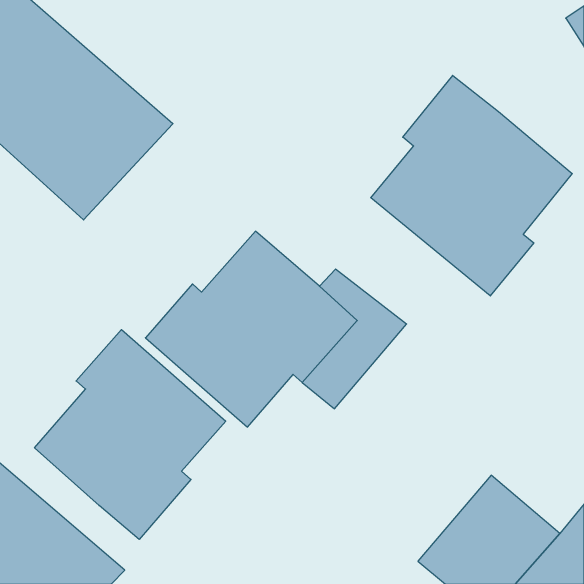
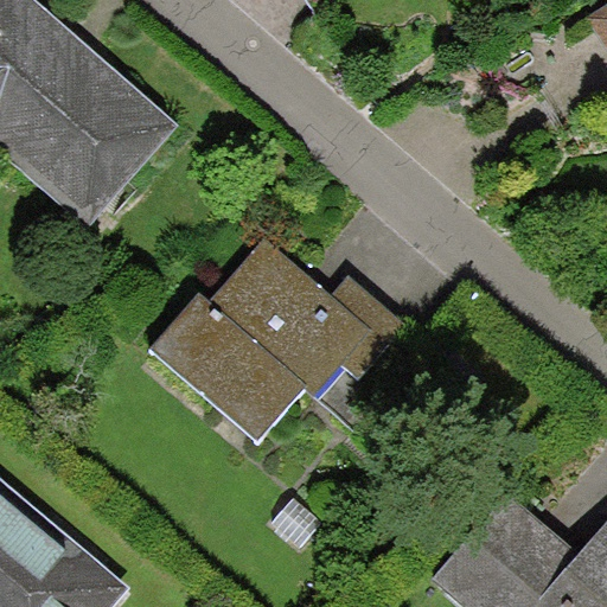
building: [371,75,572,296] -> none
building: [35,330,226,539] -> none

